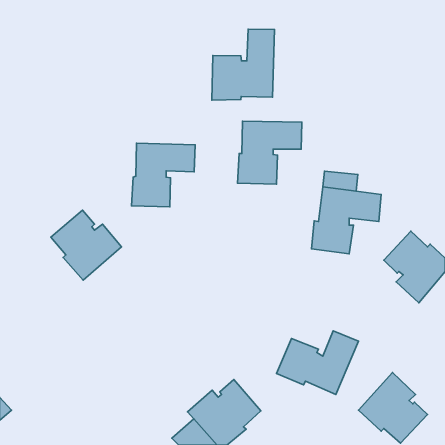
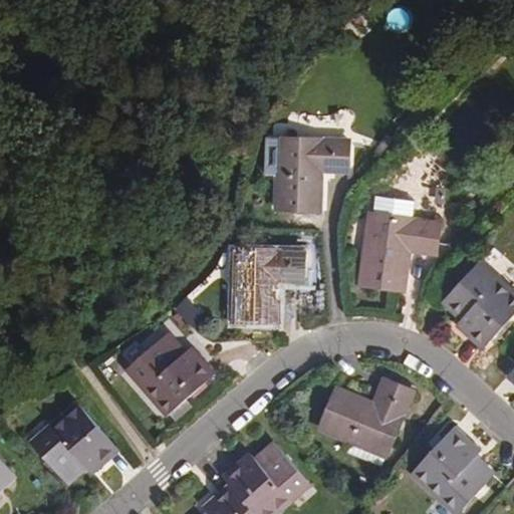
building: [212,29,274,100] -> none
building: [131,143,195,207] -> [231,250,304,323]
building: [51,210,122,280] -> [131,333,212,414]
building: none -> [33,405,116,483]

